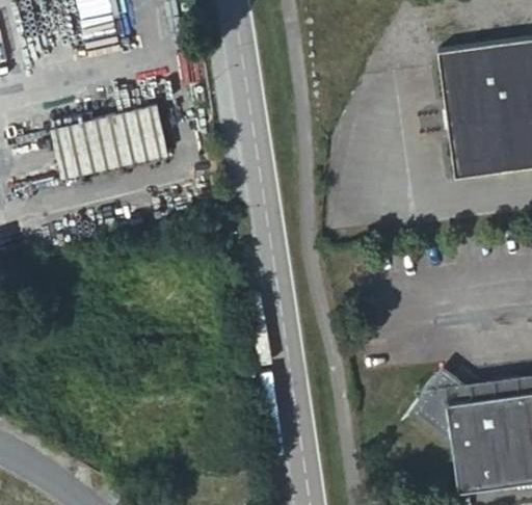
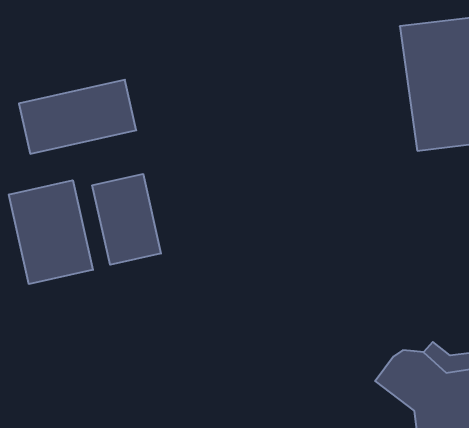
building: none -> [92,174,161,265]
building: none -> [9,180,93,284]

